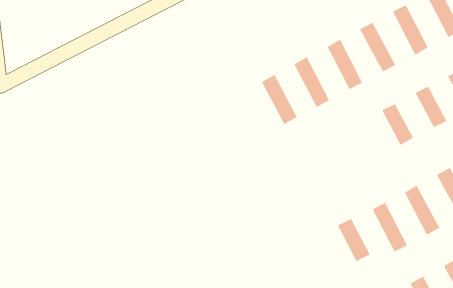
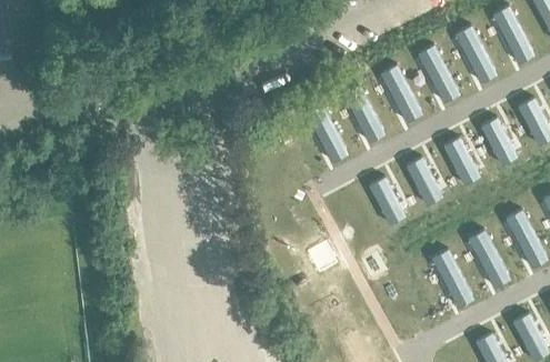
building: none -> [407,158,443,205]
building: none -> [369,177,406,224]
building: [337,218,370,262] -> none

